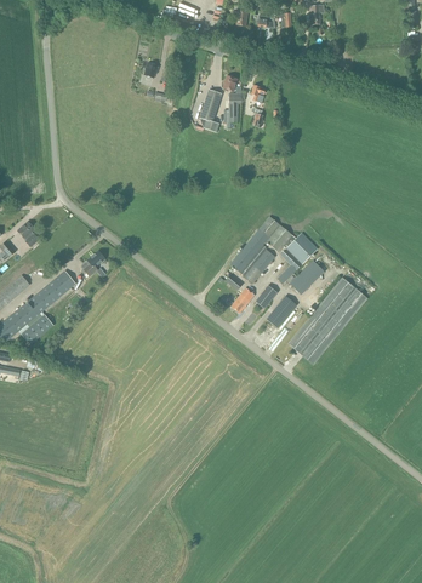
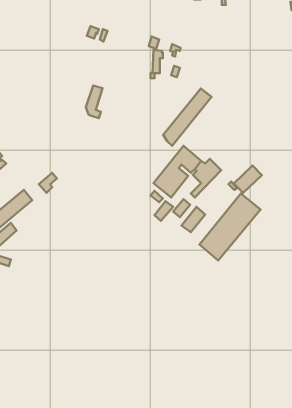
building: [200,88,222,131] -> [86,85,103,118]
building: none -> [163,88,211,146]
building: [290,258,326,293] -> [234,166,262,193]

